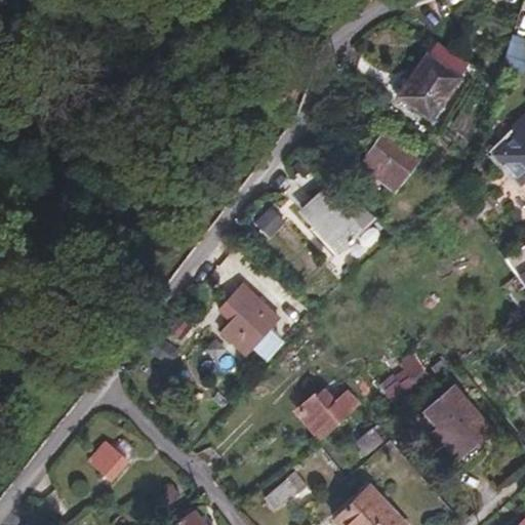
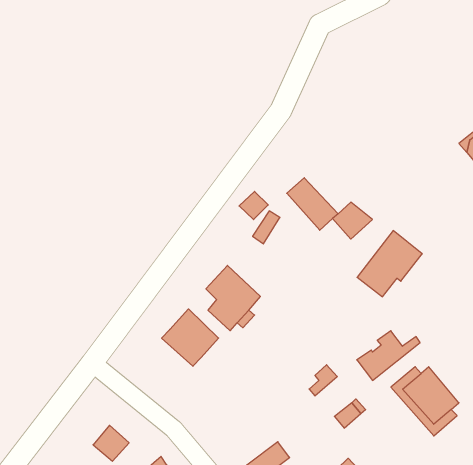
building: [398,41,468,117] -> none
building: [346,133,414,203] -> [357,231,422,297]
building: none -> [162,309,219,366]
building: [296,387,338,435] -> none

